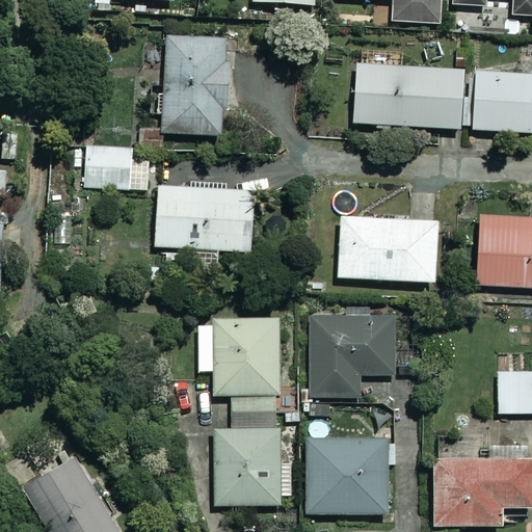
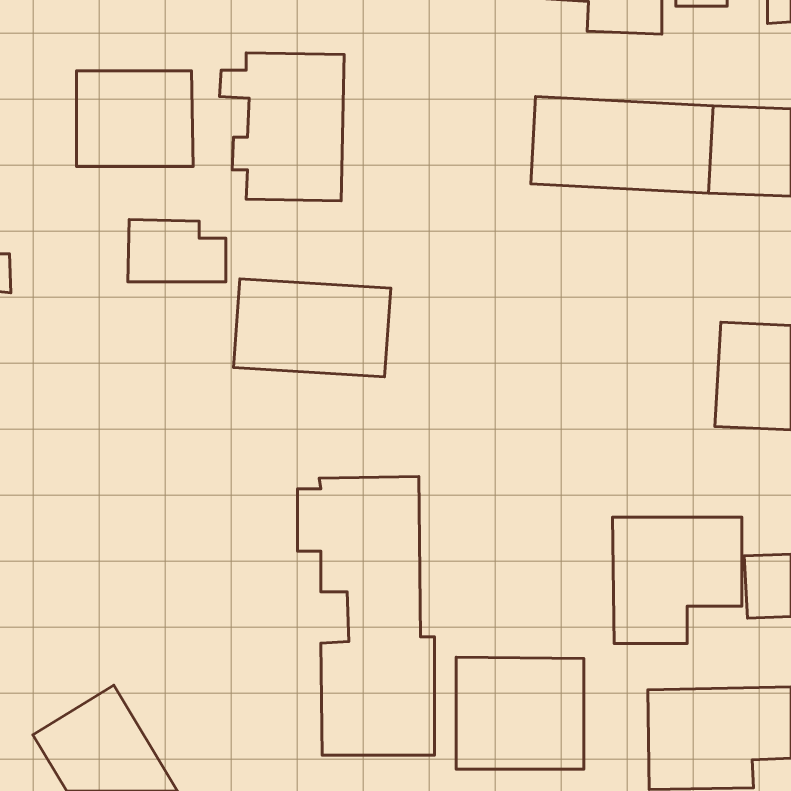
building: none -> [77,71,193,167]
building: [336,216,441,283] -> none
building: [310,316,396,400] -> [613,517,742,643]

